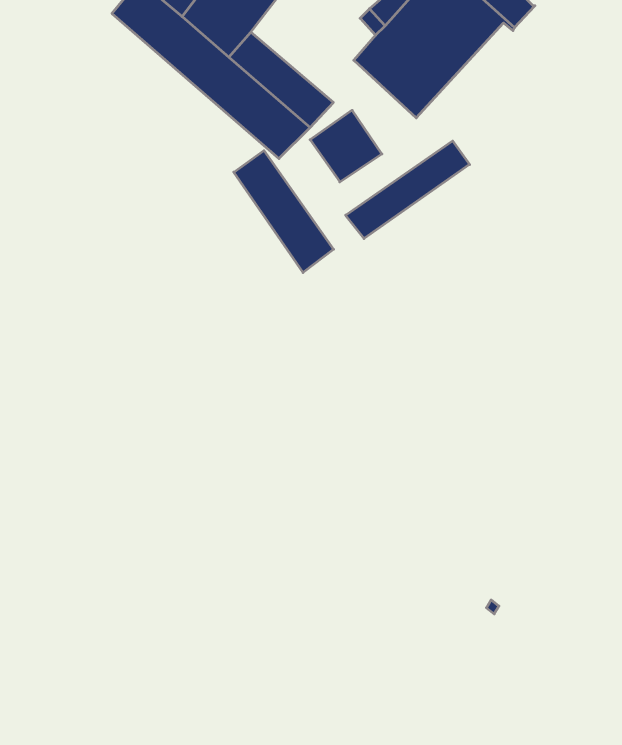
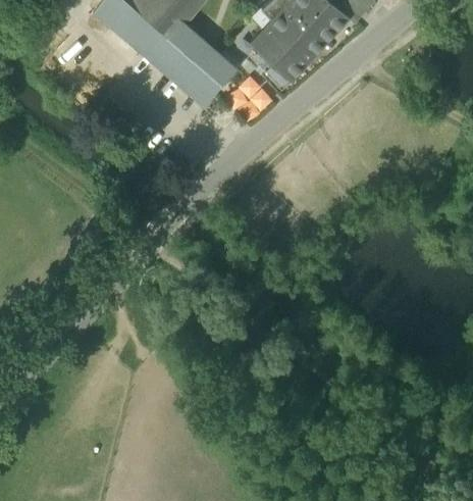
building: [346,141,470,239] -> none
building: [234,151,334,273] -> none

